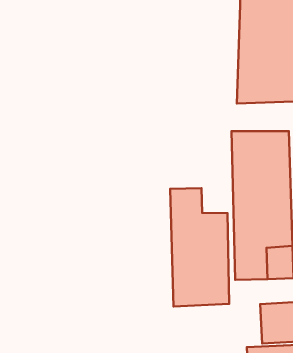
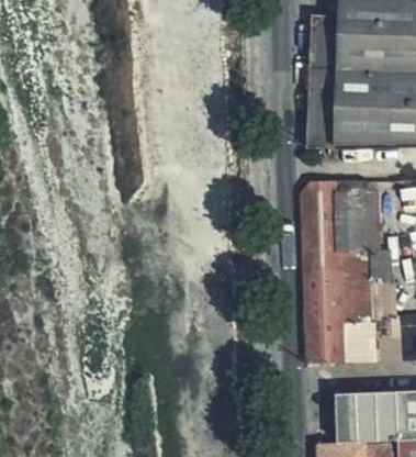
building: [170,188,229,306] -> none

